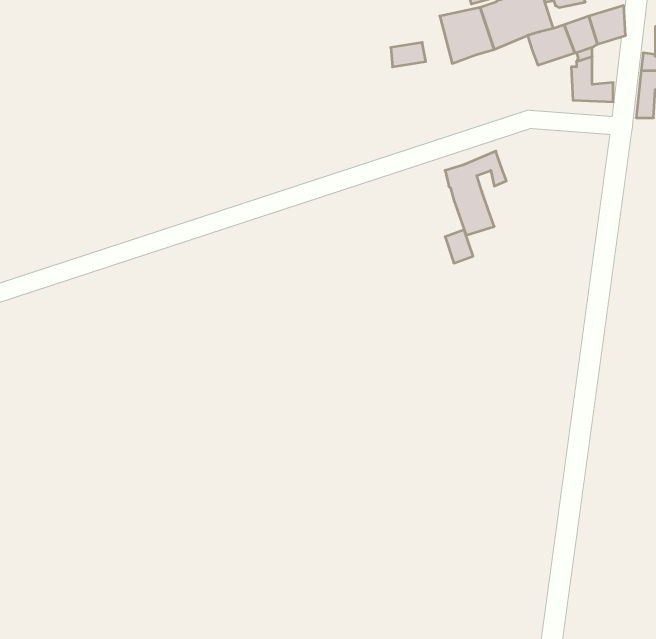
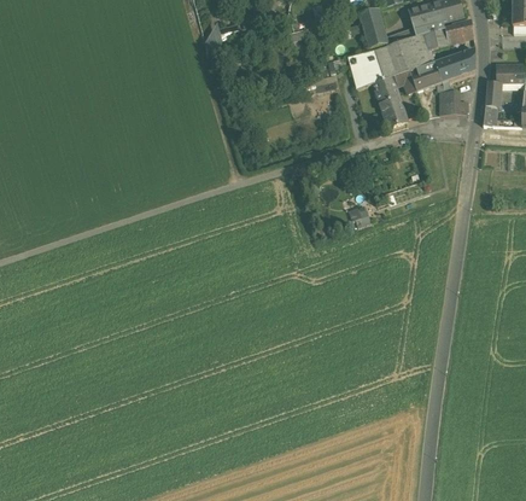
building: [445,151,506,235] -> [374,69,416,127]

